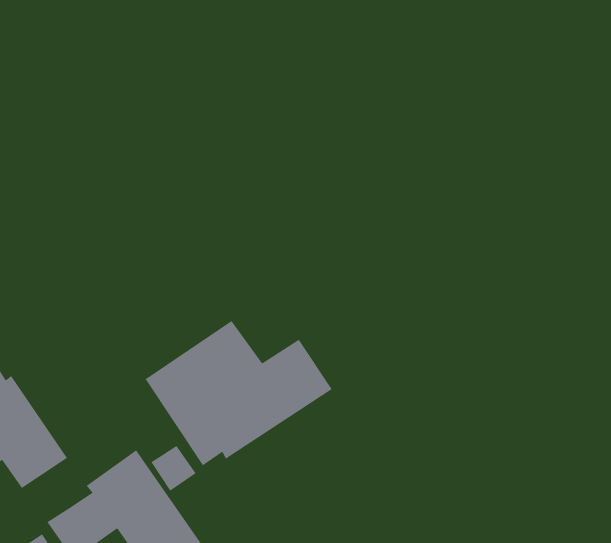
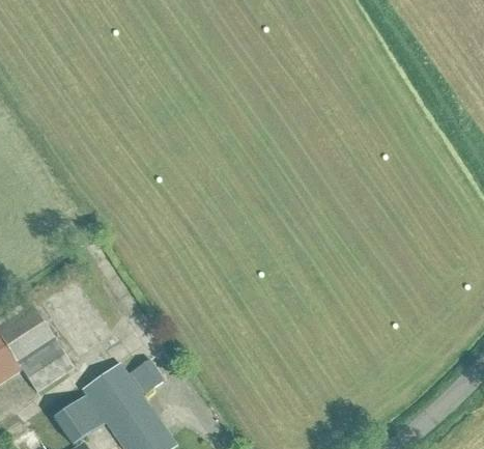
building: [145,320,333,466] -> none

